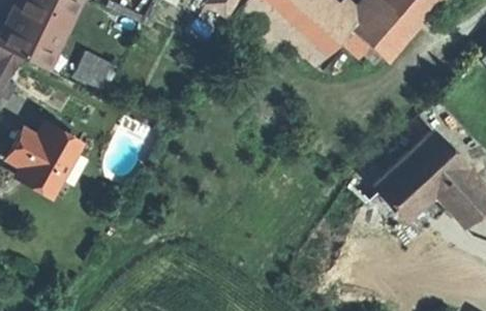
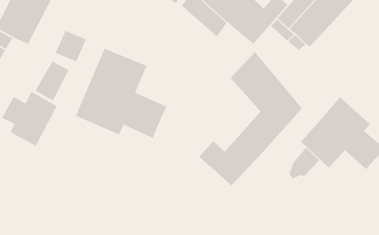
building: none -> [75,48,167,139]
building: none -> [199,51,303,186]
building: none -> [35,61,70,102]

